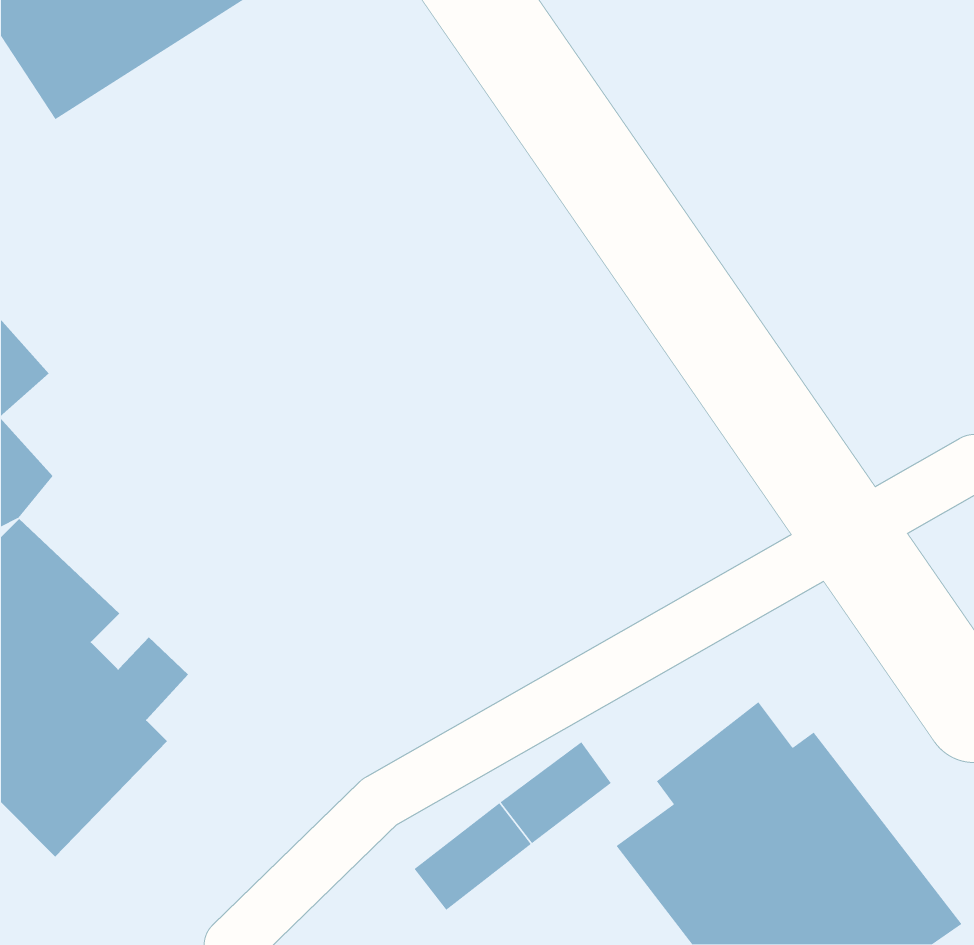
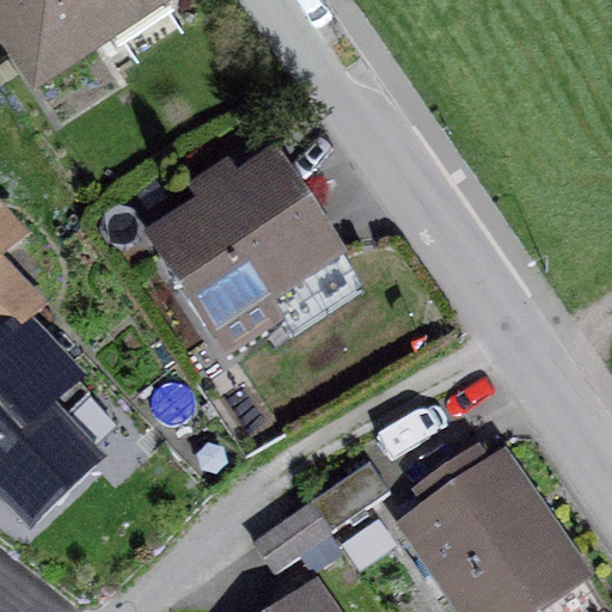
building: none -> [145,157,345,343]

